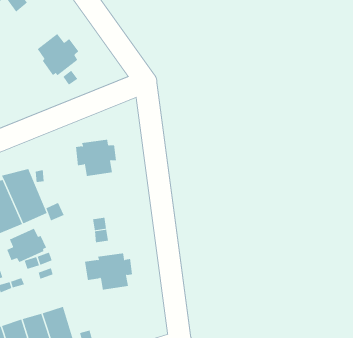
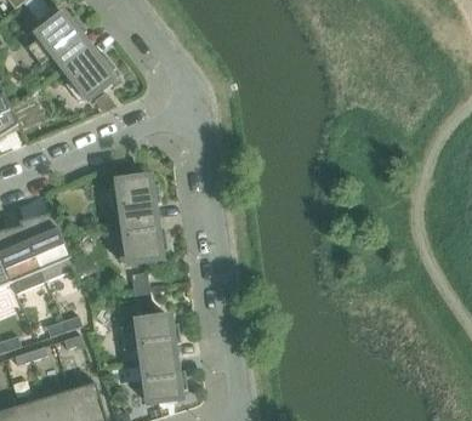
building: none -> [24,13,86,66]
building: none -> [115,217,166,262]
building: [6,228,47,263] -> none
building: none -> [138,357,186,402]

